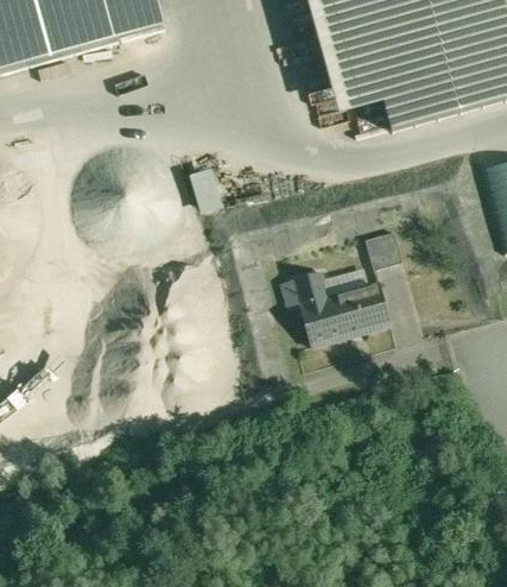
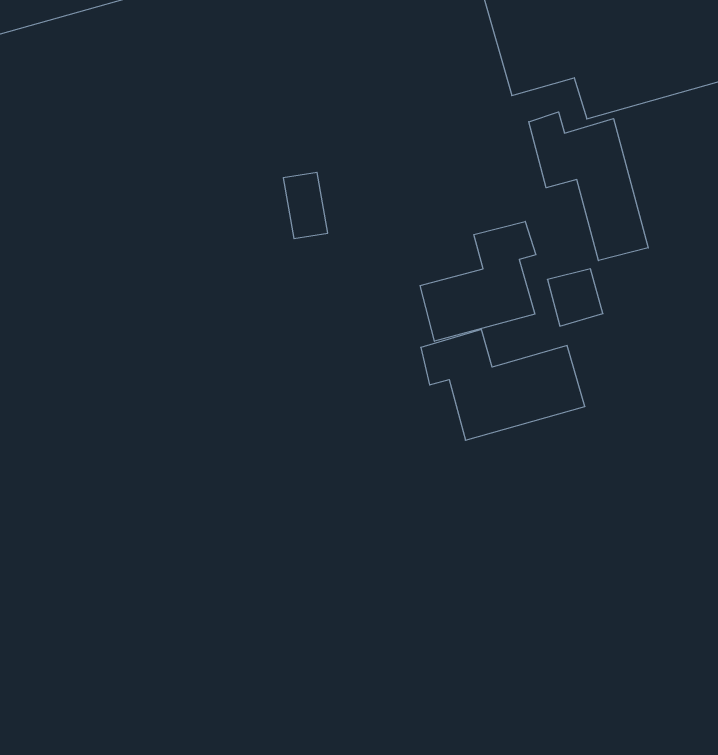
building: none -> [529,112,648,261]
building: none -> [420,221,536,341]

